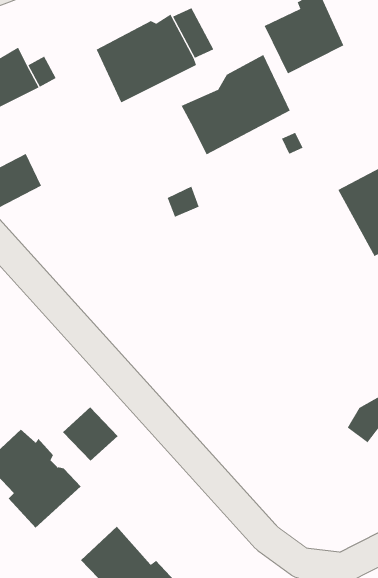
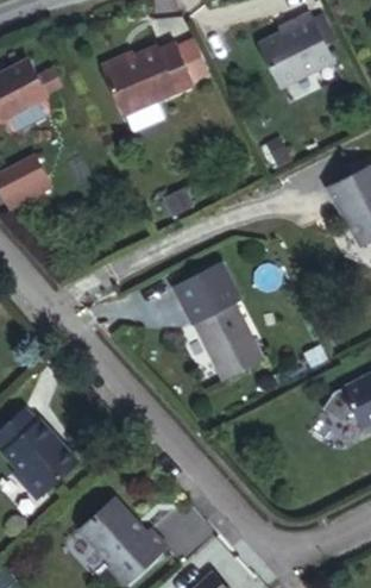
building: [181,54,290,155] -> none
building: none -> [174,261,263,379]
building: [62,407,118,462] -> none

